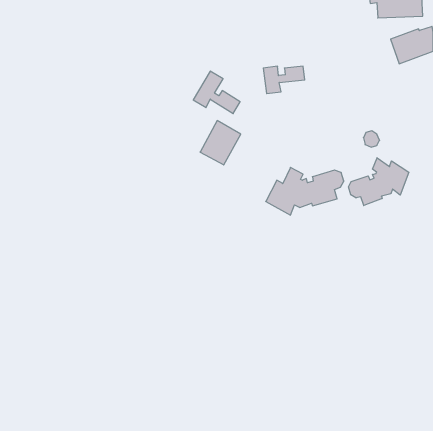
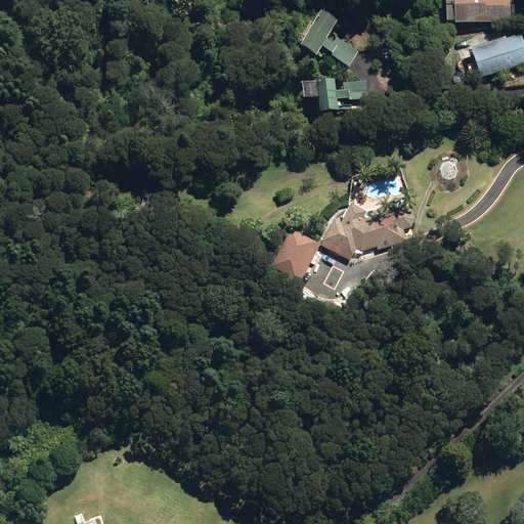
building: [193,71,240,114] -> [301,13,357,64]
building: [200,121,241,165] -> [270,226,319,279]
building: [348,158,409,206] -> none

